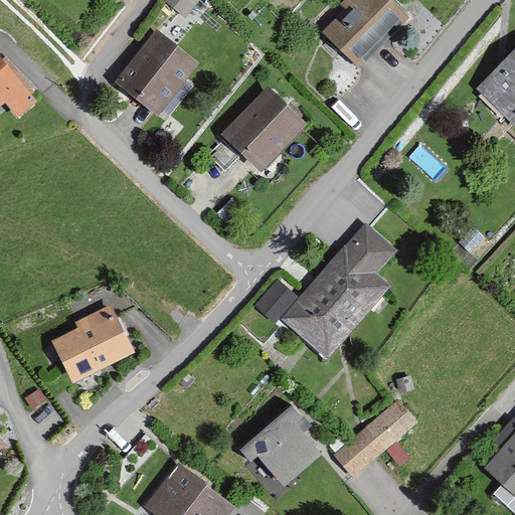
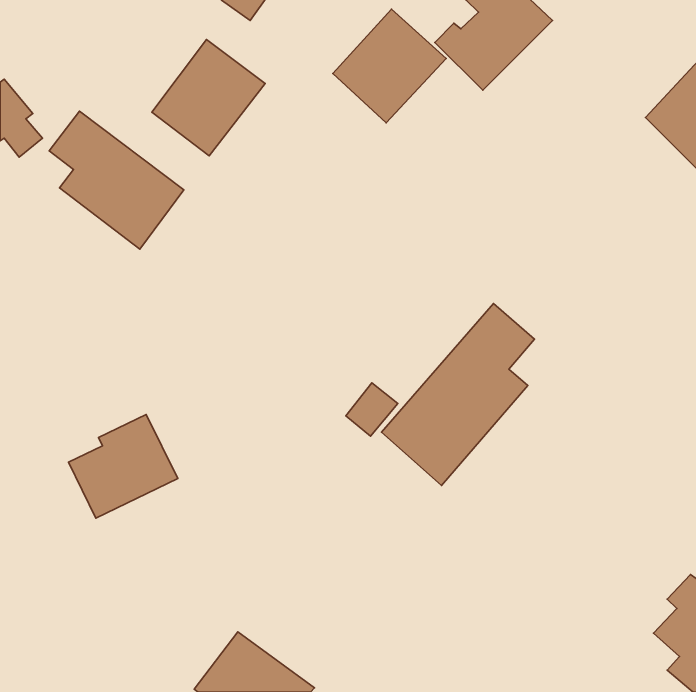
building: none -> [49,111,184,249]
building: [221,88,305,171] -> [333,9,446,123]
building: [335,396,417,474] -> none
building: [241,404,322,485] -> none

